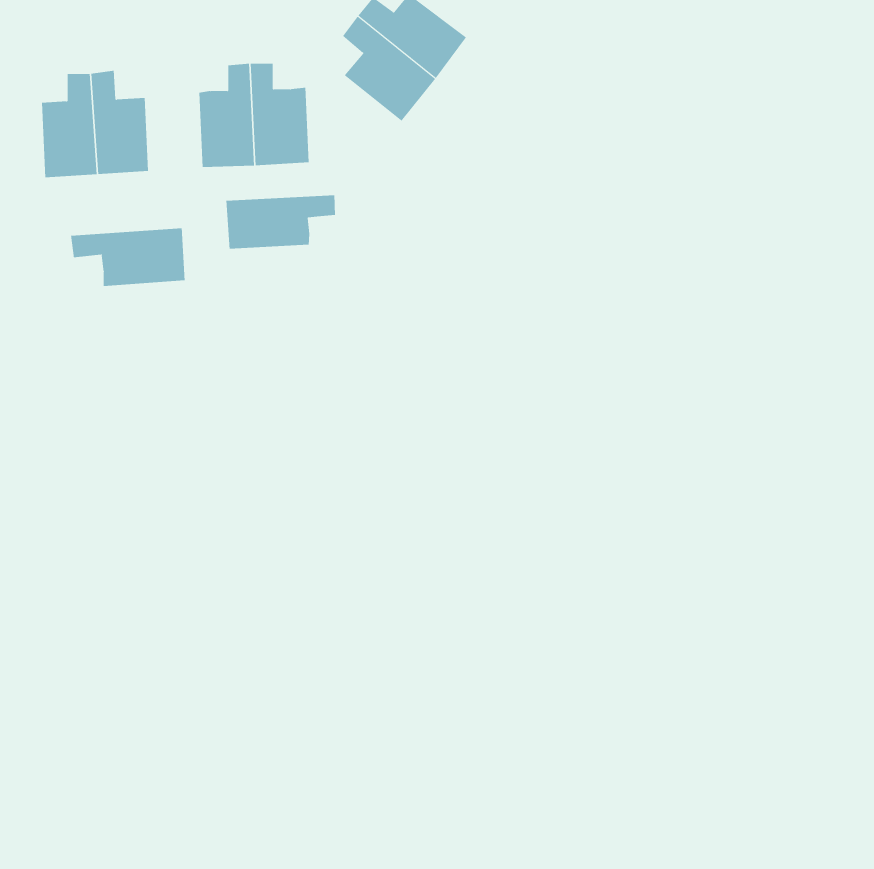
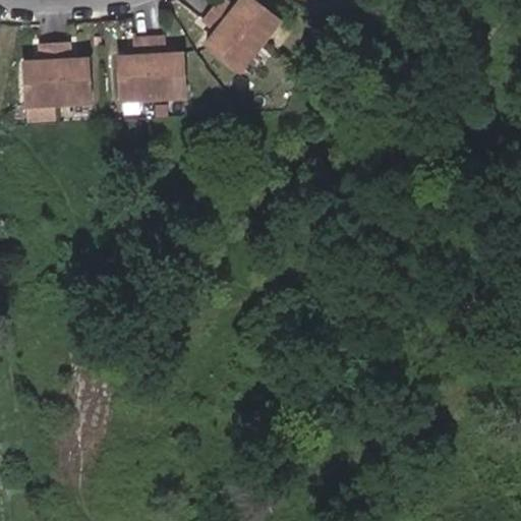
building: [226,195,335,250] -> none
building: [71,228,185,287] -> none

